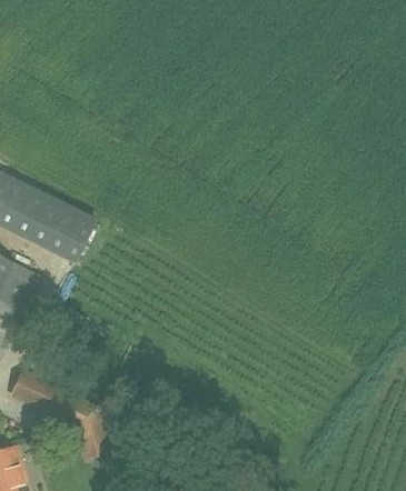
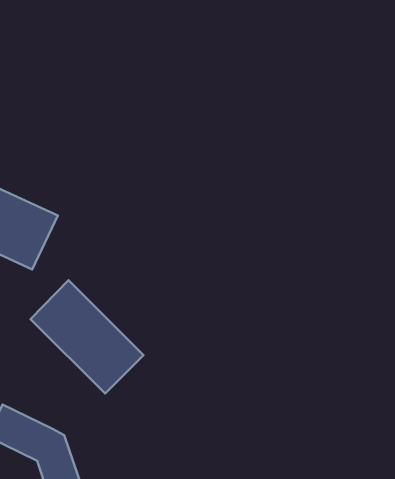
building: none -> [30,280,144,393]

